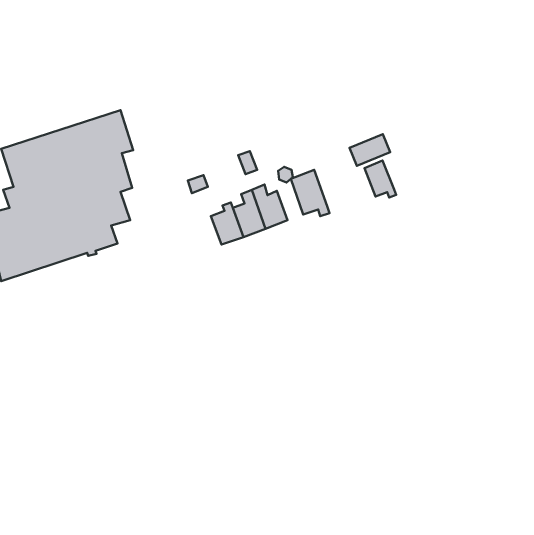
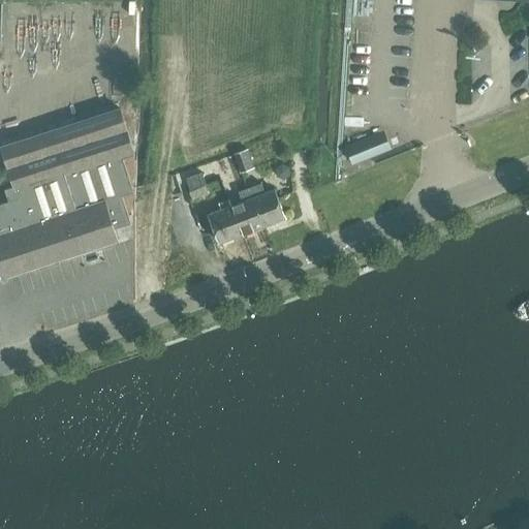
building: [364,160,396,198] -> none
building: [291,170,329,216] -> none

